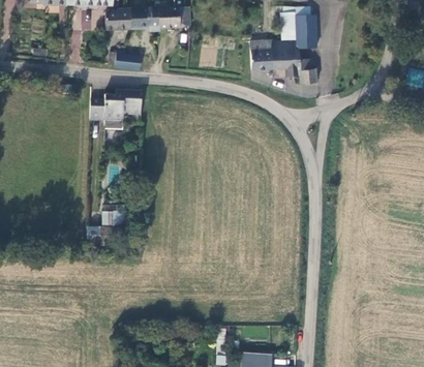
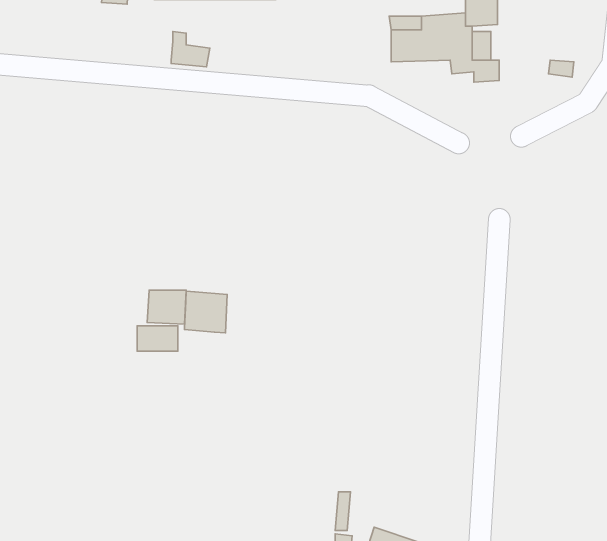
building: [88,89,143,129] -> none
building: none -> [184,291,227,333]

